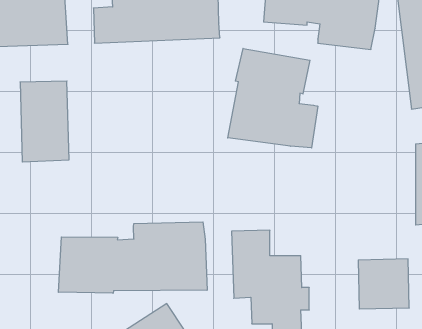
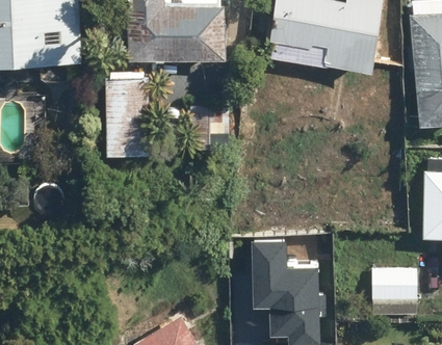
building: [228,48,318,148] -> none
building: [20,81,69,162] -> [105,79,153,158]
building: [58,222,207,293] -> none

